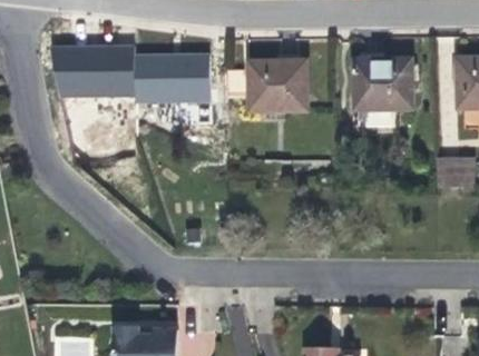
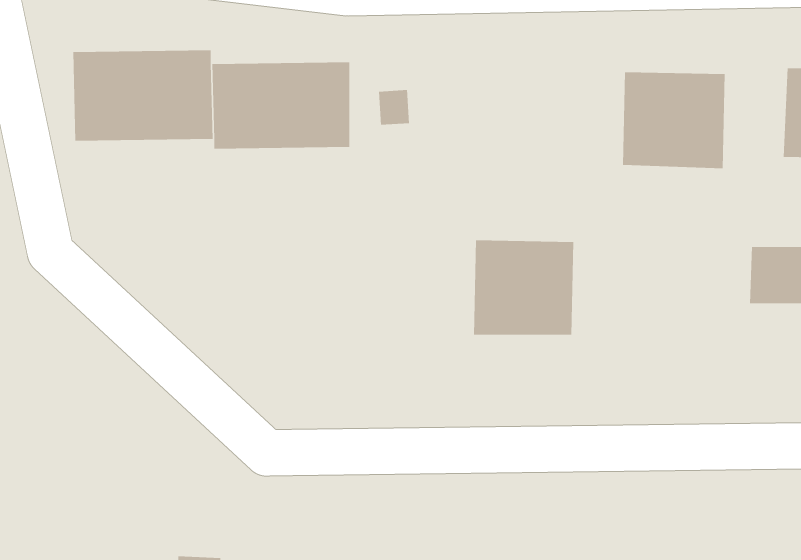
building: [258,55,315,108] -> [473,240,574,335]

